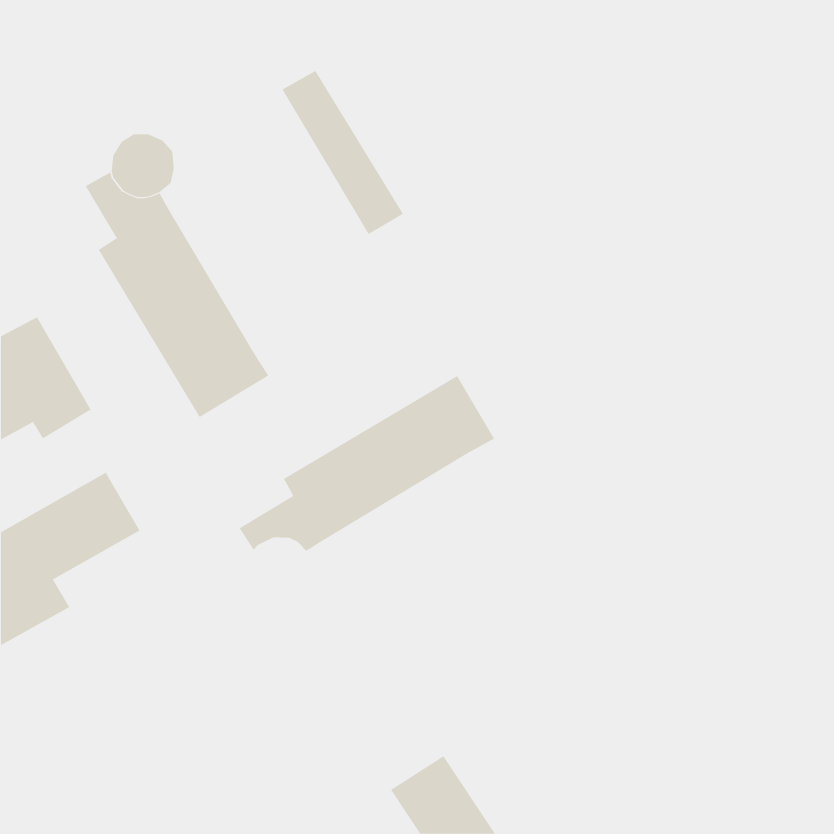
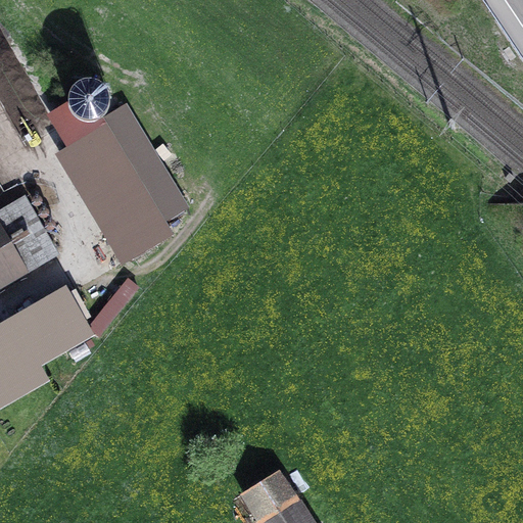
building: [282,70,404,235] -> [105,117,182,221]
building: [239,375,495,552] -> none

